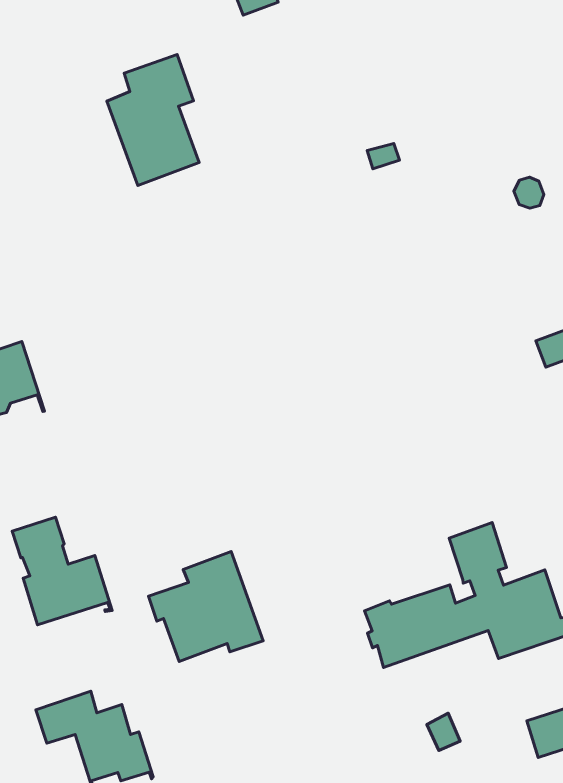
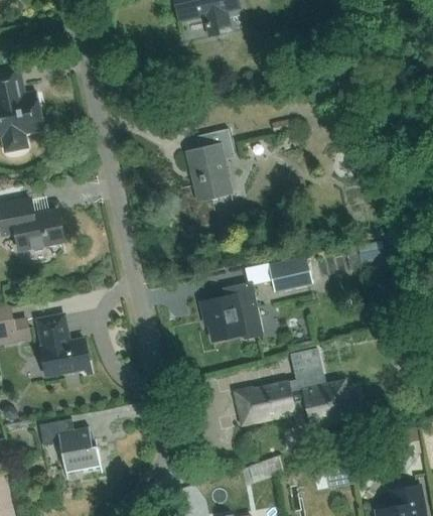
building: [107,54,199,186] -> [184,129,235,203]
building: none -> [269,257,312,292]
building: [149,551,263,662] -> [199,281,263,342]

